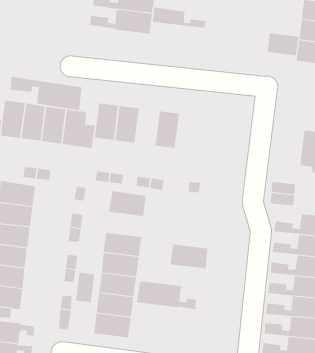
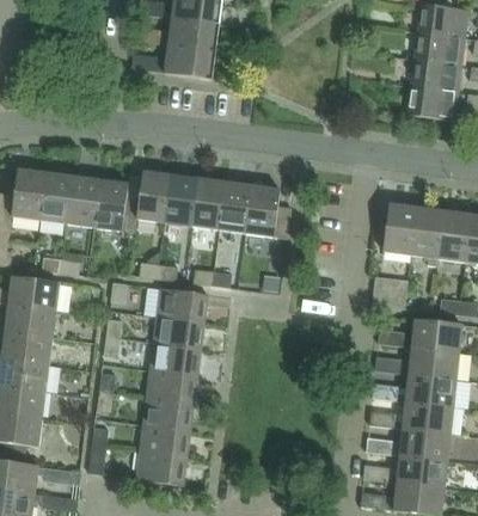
building: [152,7,206,29] -> none
building: [267,33,299,56] -> none
building: [10,76,82,111] -> none
building: none -> [191,178,223,228]
building: none -> [245,185,290,238]
building: none -> [382,203,417,254]
building: [170,244,208,269] -> [152,317,203,350]
building: [75,272,95,303] -> none
building: [136,281,196,310] -> none

